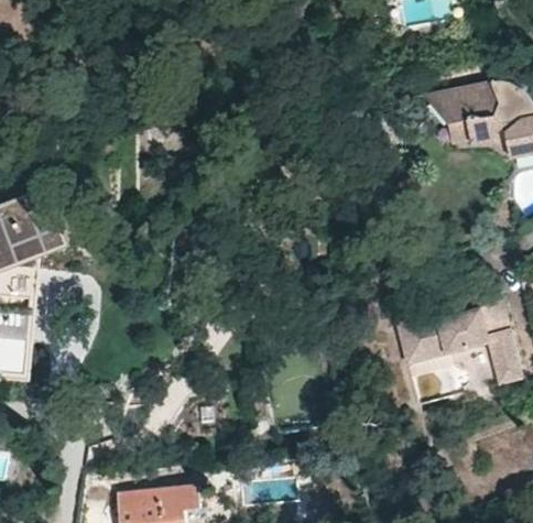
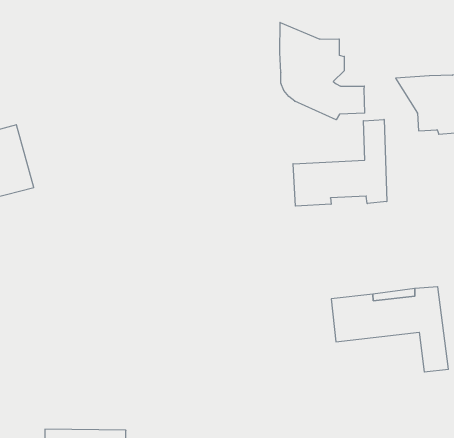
building: none -> [280,22,365,120]
building: none -> [293,119,387,206]

